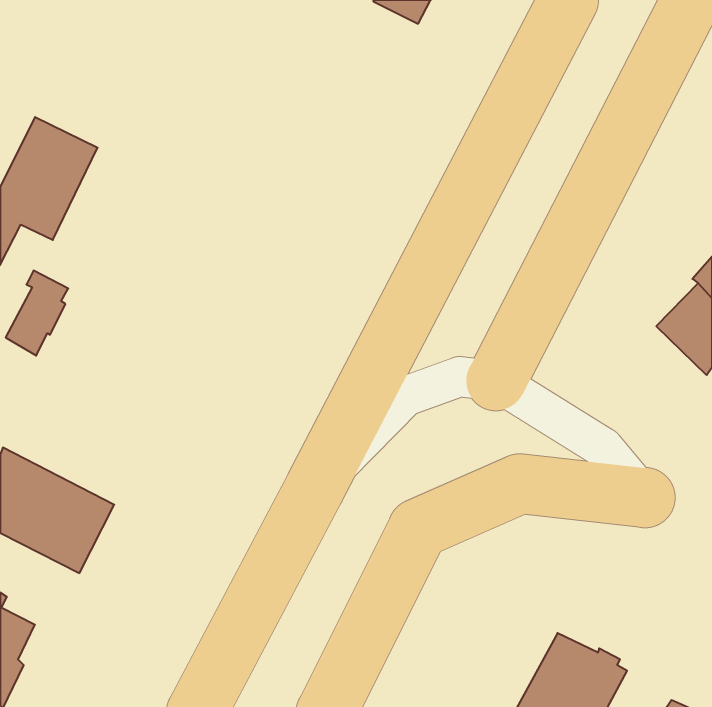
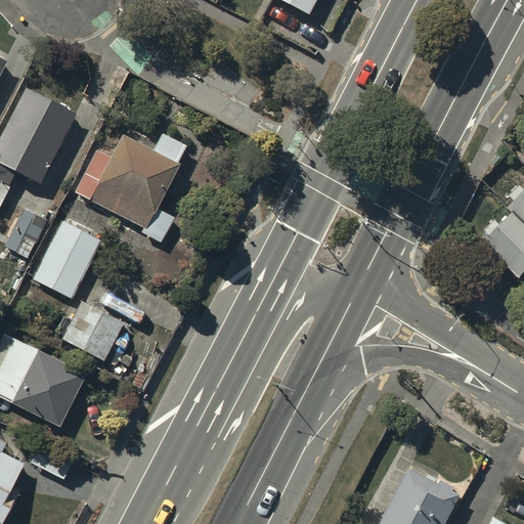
building: none -> [79,134,186,226]
building: none -> [31,222,99,300]
building: none -> [66,302,122,357]

